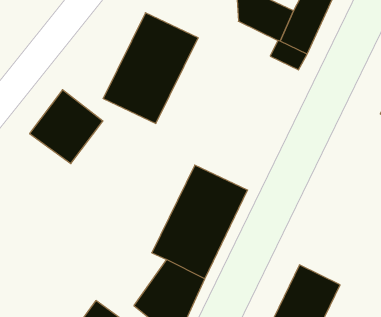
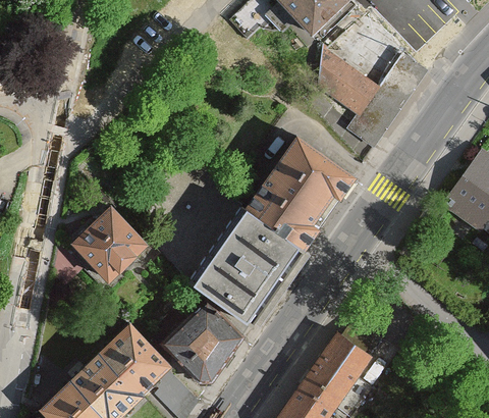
building: [103,13,198,123] -> [249,141,352,252]
building: [30,90,103,164] -> [69,202,144,276]

